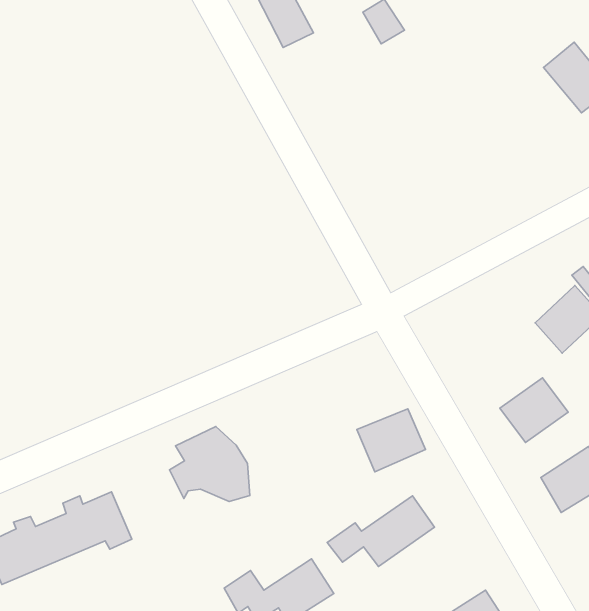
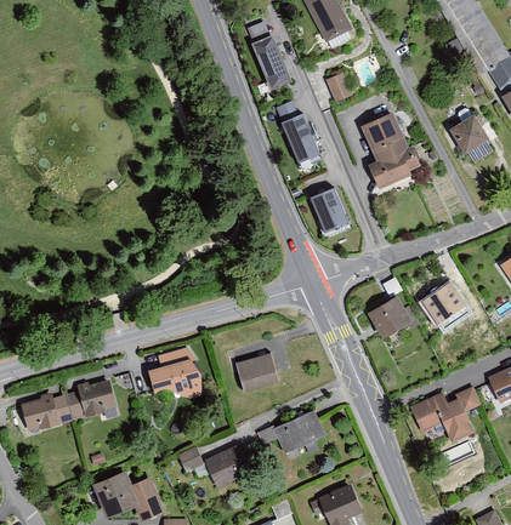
building: none -> [357,110,415,188]
building: none -> [279,115,322,170]
building: none -> [312,189,354,241]
building: [500,378,568,443] -> [360,296,407,338]
building: [357,409,426,472] -> [239,352,284,392]

